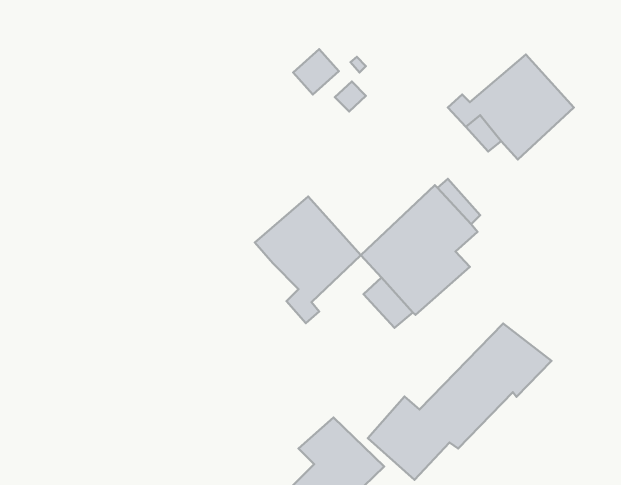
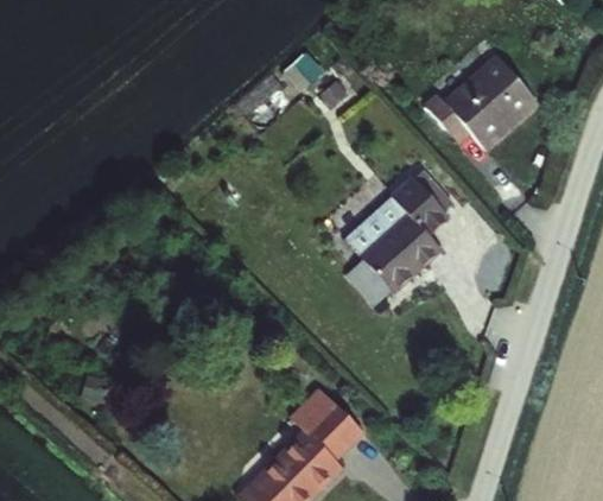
building: [255,197,361,323] -> none
building: [368,323,552,480] -> none

